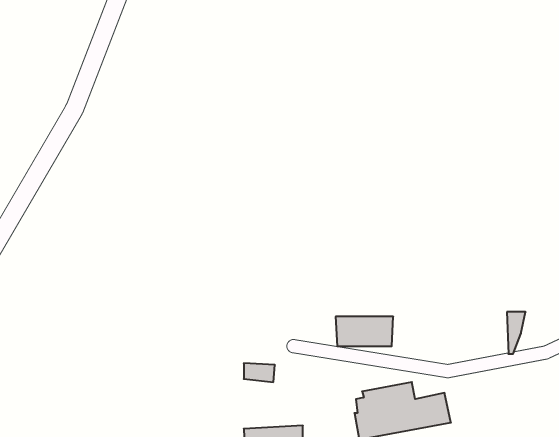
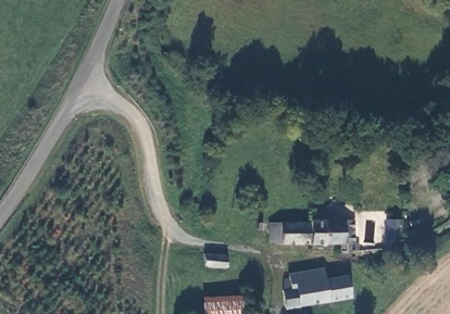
building: none -> [309,218,357,251]

